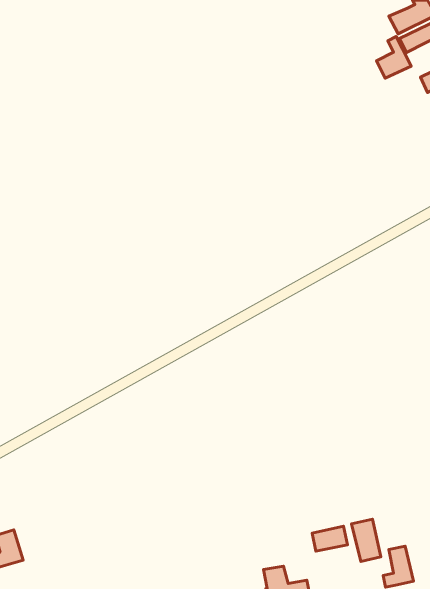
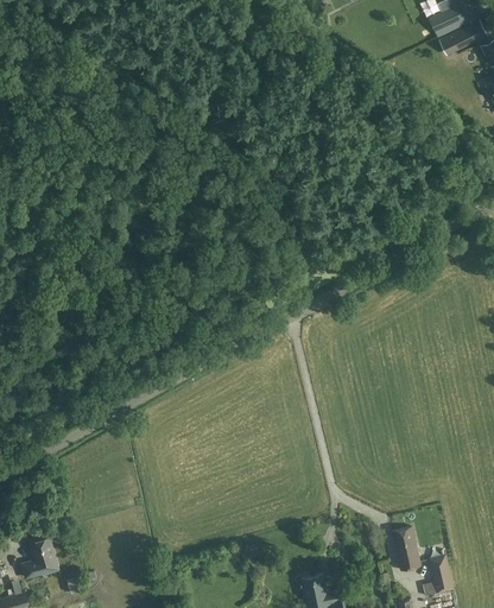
building: [377,37,411,78] -> none
building: [312,526,348,551] -> none

